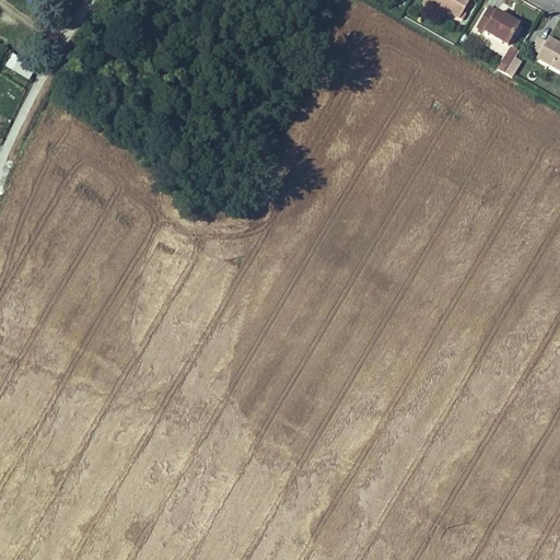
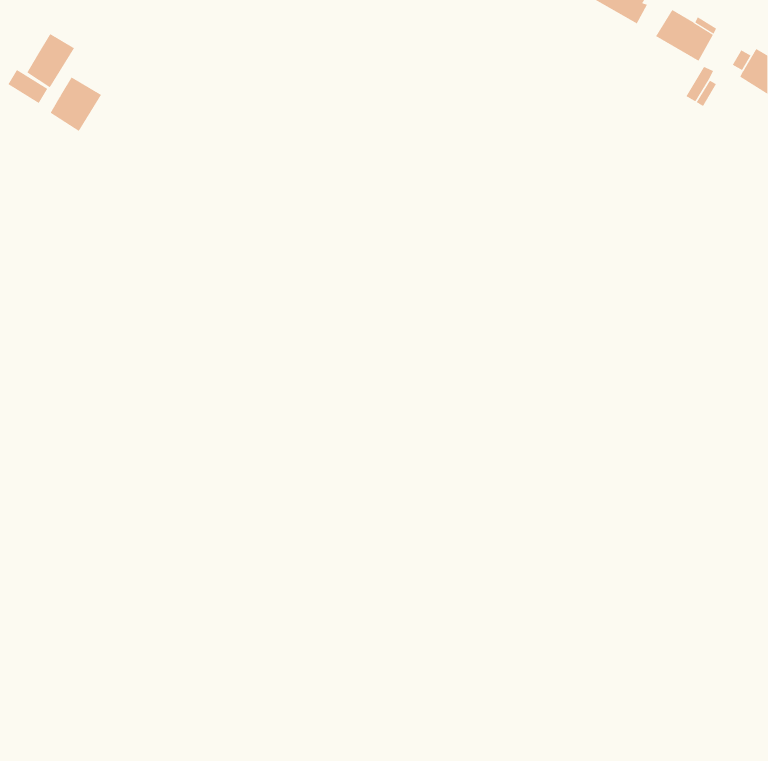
building: none -> [26,33,75,88]
building: none -> [50,76,102,132]

